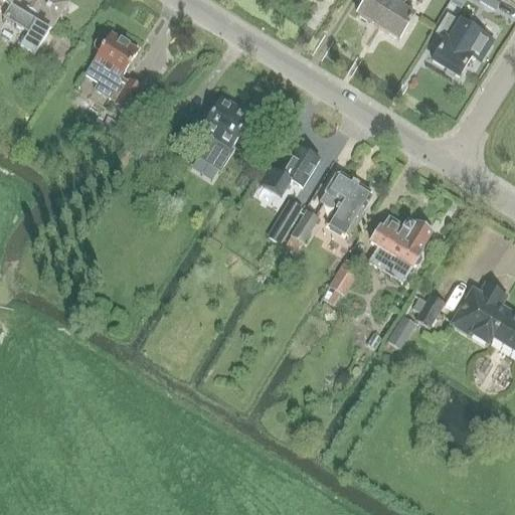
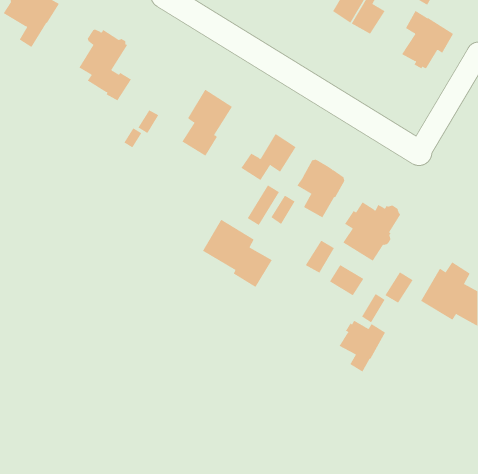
building: none -> [202,219,272,288]
building: none -> [329,264,364,296]
building: none -> [339,320,386,372]

